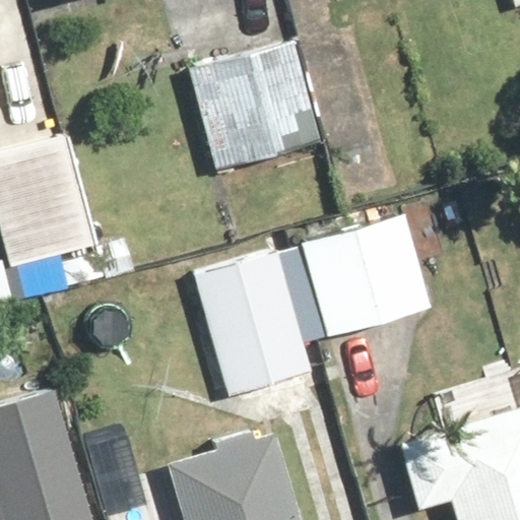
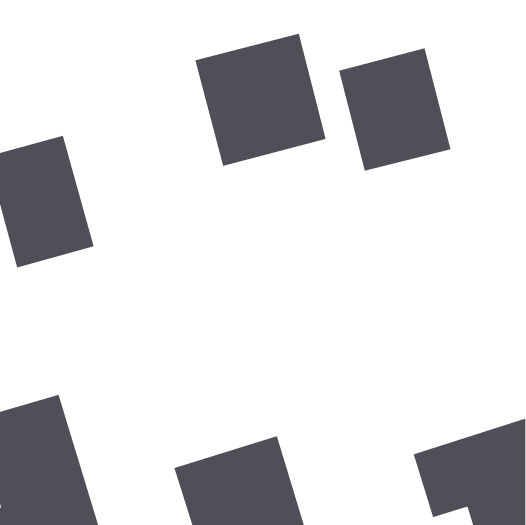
building: none -> [339,48,451,171]
building: [303,215,431,336] -> none
building: [194,249,309,394] -> none

